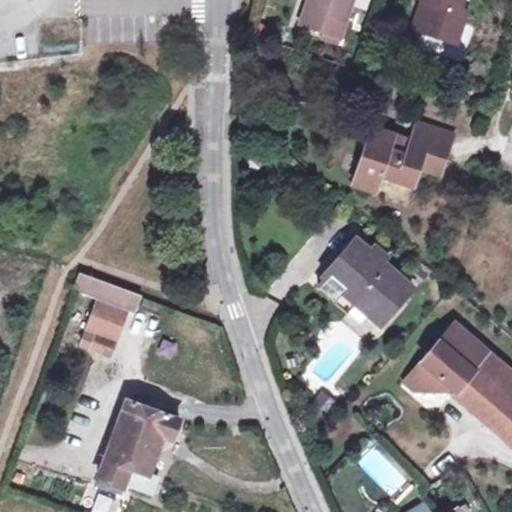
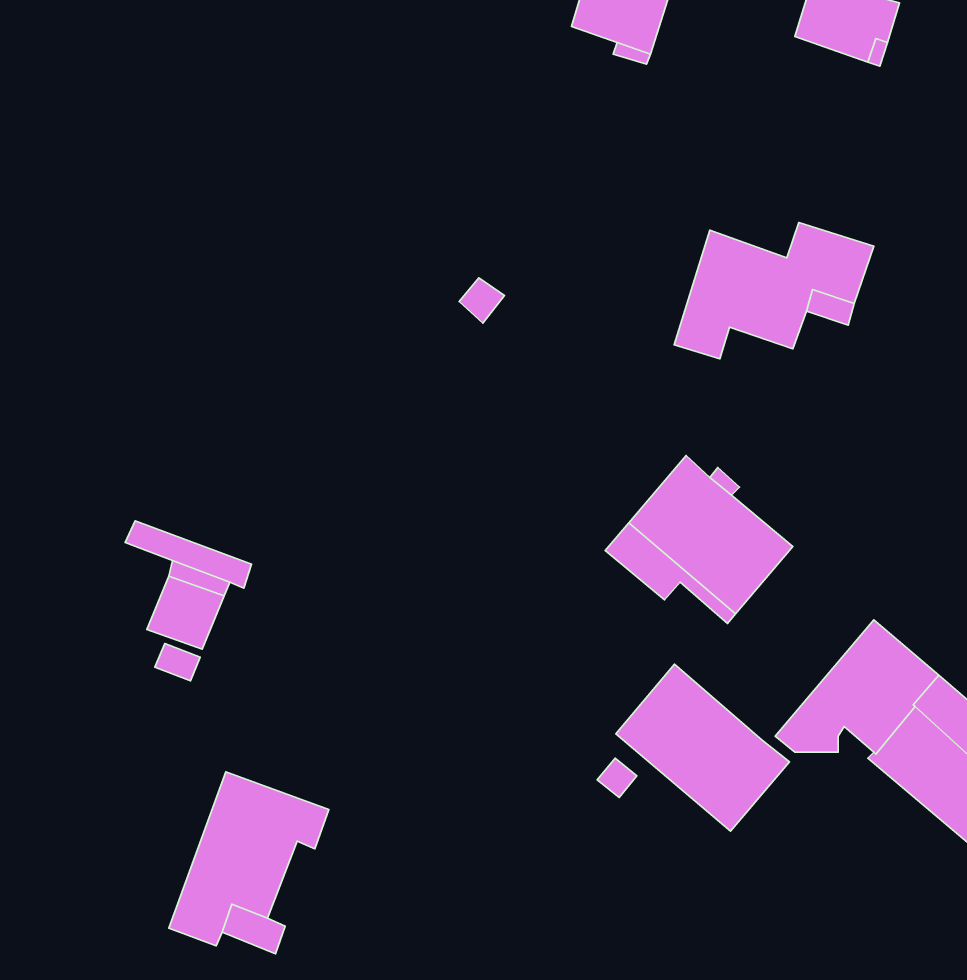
building: none -> [616,664,789,831]

